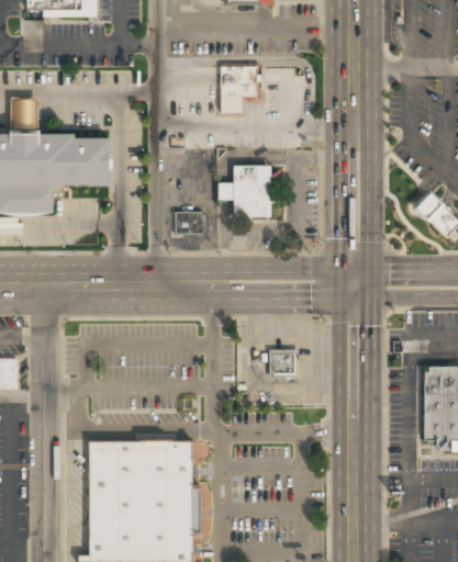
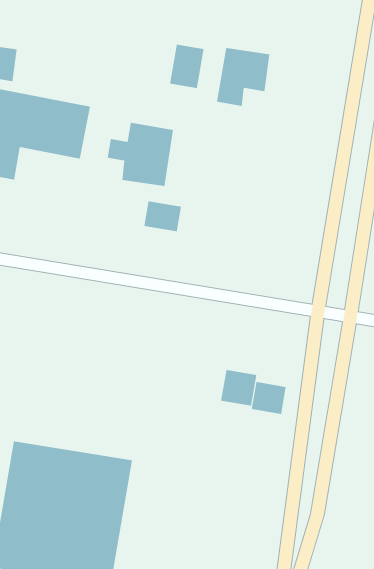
building: none -> [170,44,204,89]
building: [216,166,272,218] -> [107,122,174,187]
building: none -> [251,381,286,415]

